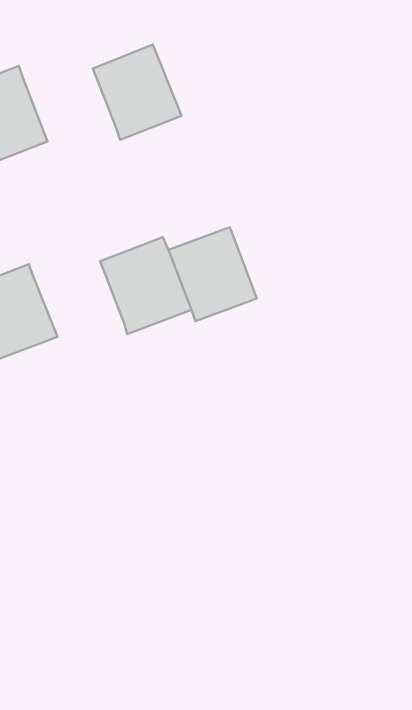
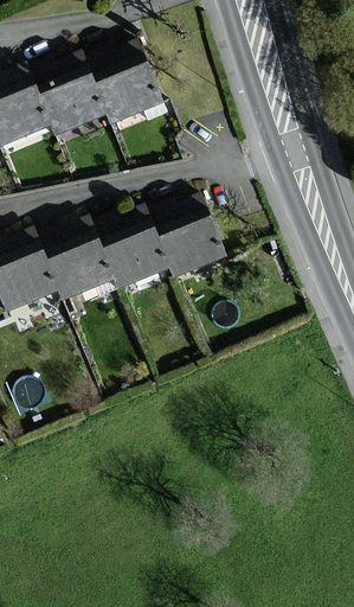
building: none -> [27,55,104,135]
building: none -> [34,216,111,298]

